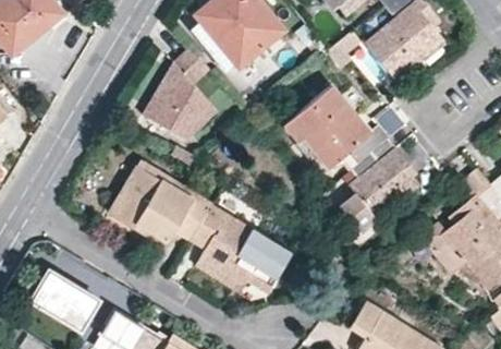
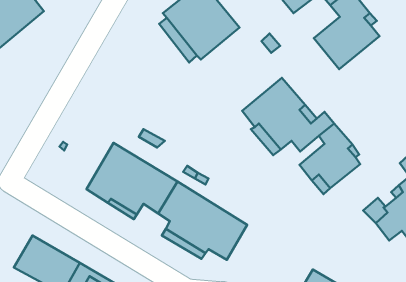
building: [145,51,218,139] -> none

